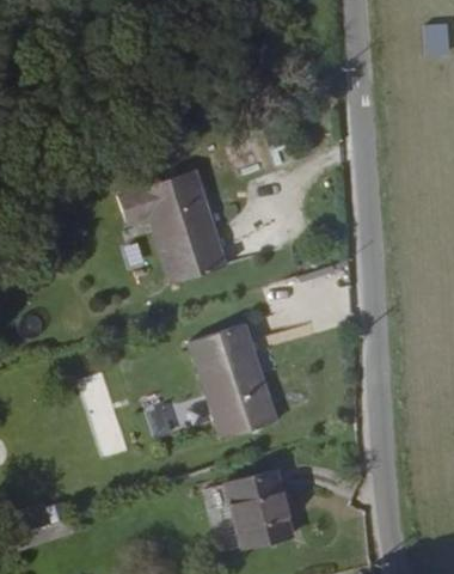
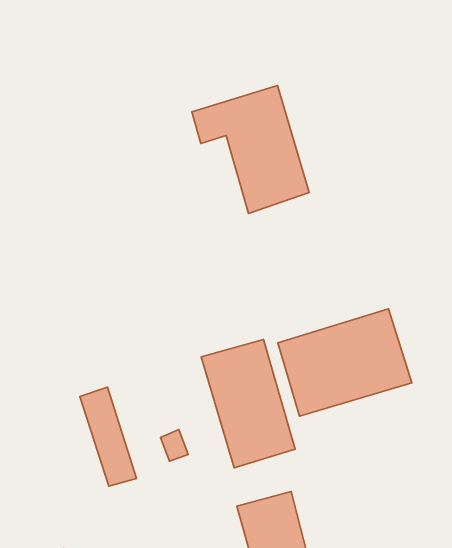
building: [121,170,227,286] -> [192,85,309,214]
building: none -> [278,309,412,416]

